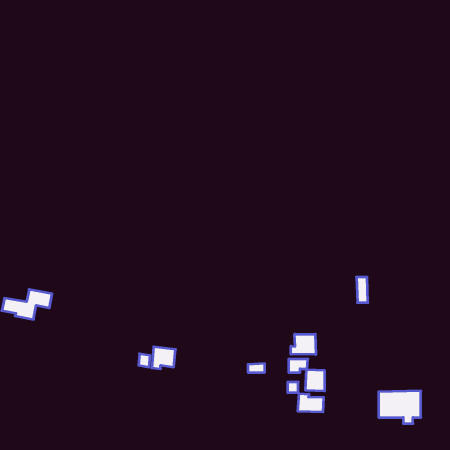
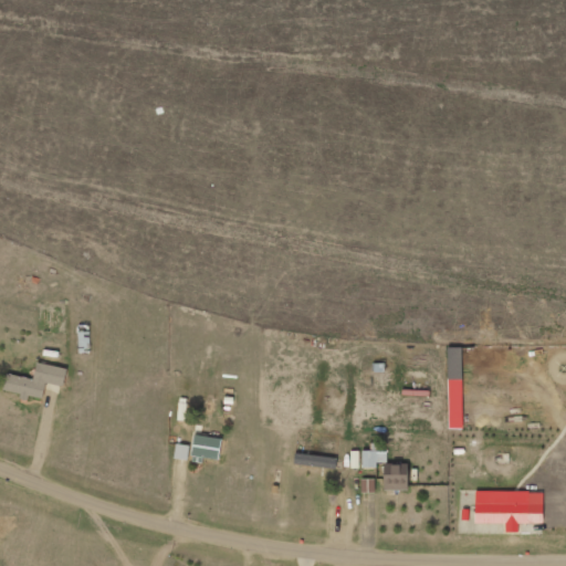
building: [291,334,316,355] -> none
building: [298,394,324,412] -> none

